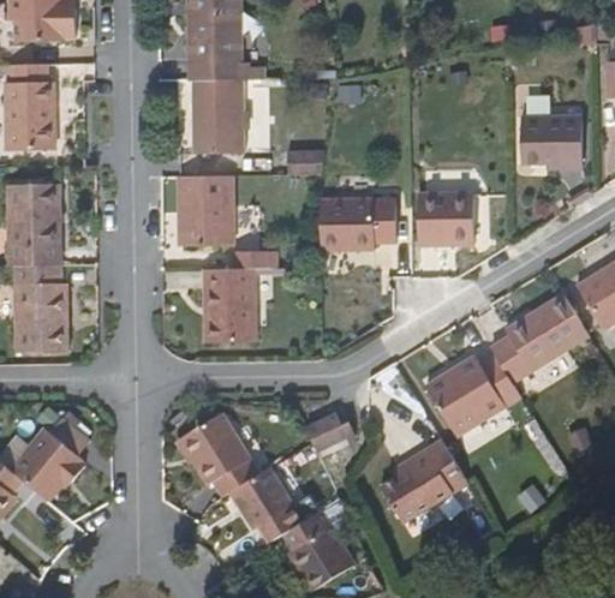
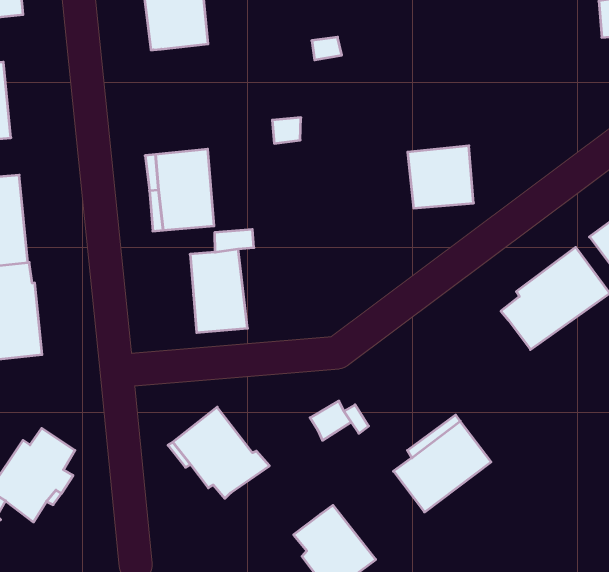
building: [199,79,244,153] -> none
building: [520,115,580,171] -> none
building: [321,191,395,252] -> none
building: [426,354,524,436] -> none
building: [229,467,310,543] -> none

